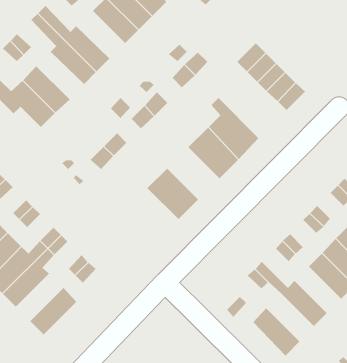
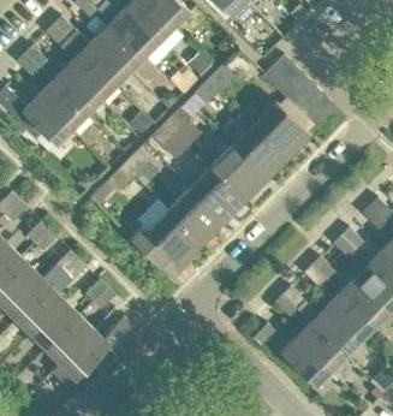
building: none -> [94,22,145,72]
building: none -> [52,65,102,115]
building: none -> [244,101,309,156]
building: none -> [190,166,245,221]
building: none -> [130,209,202,271]
building: none -> [324,292,374,341]
building: none -> [30,299,81,350]
building: none -> [53,316,137,387]
building: none -> [294,321,345,372]

